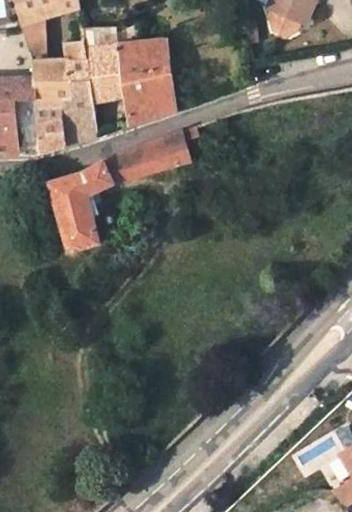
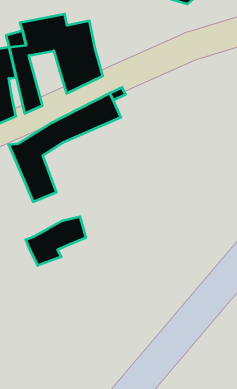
building: [88,71,123,102] -> none
building: none -> [26,217,86,266]

